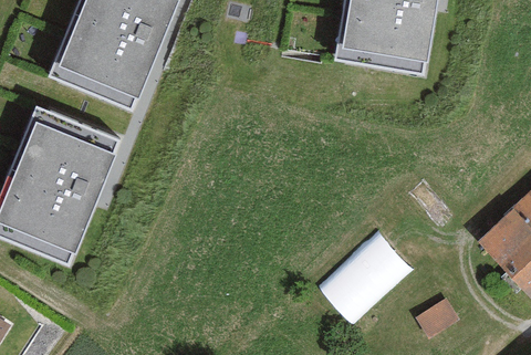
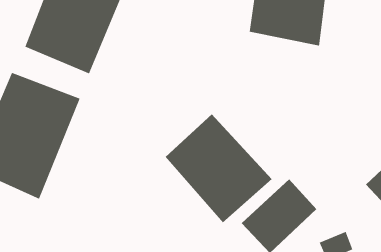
building: none -> [165,113,273,223]

